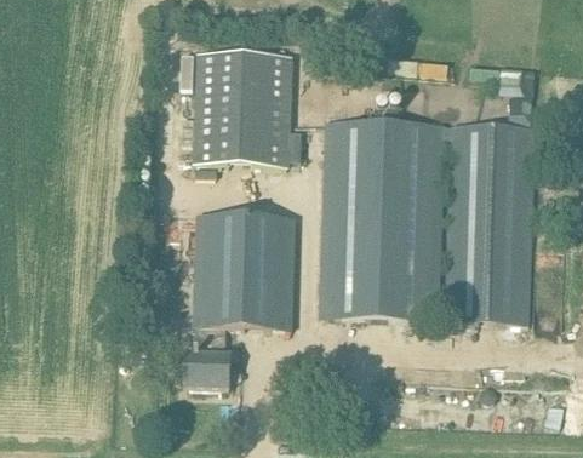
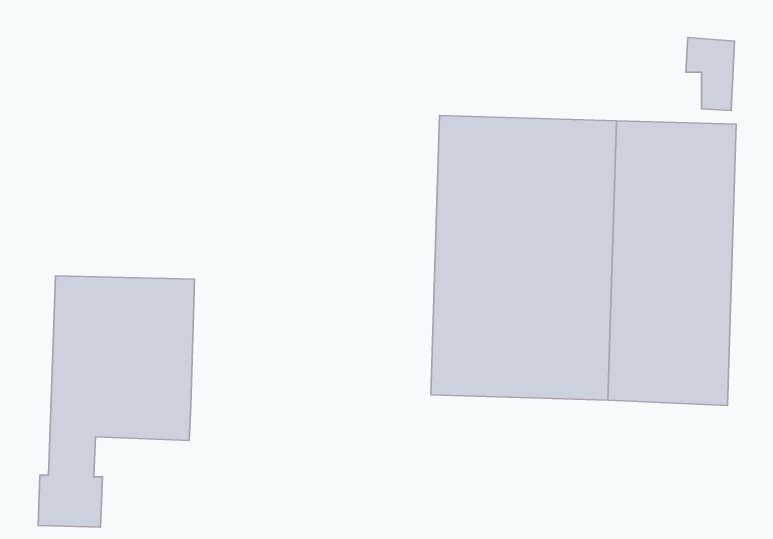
building: [192,51,292,165] -> none
building: [185,212,295,388] -> [38,276,194,527]

